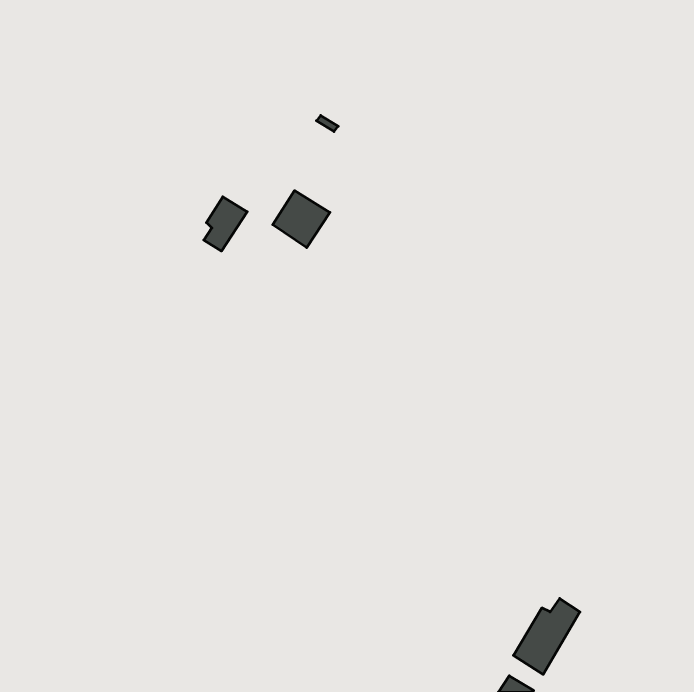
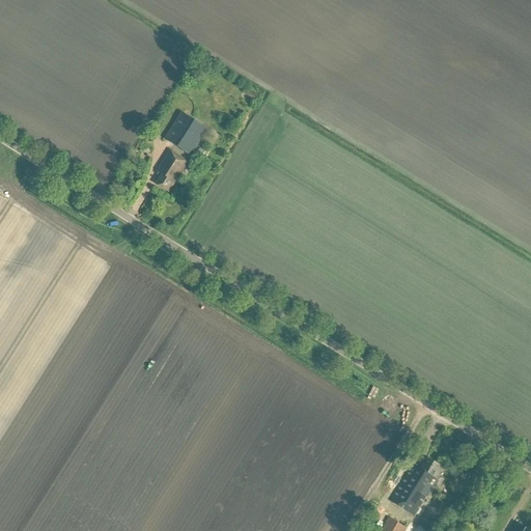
building: [273,191,330,248] -> [165,112,208,156]

